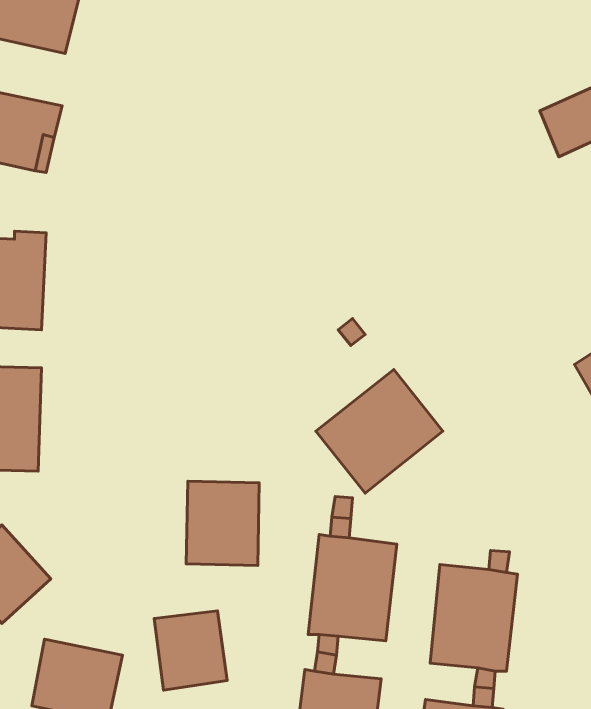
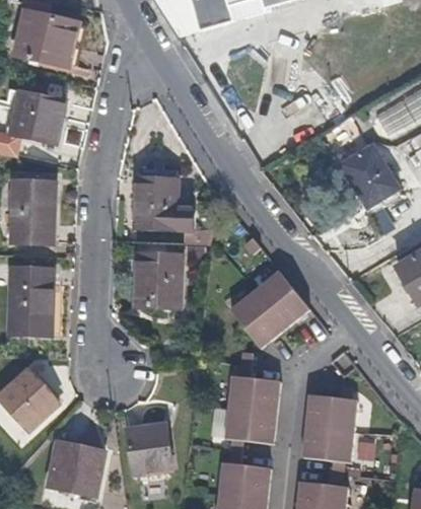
building: none -> [339,144,400,209]
building: none -> [134,177,194,237]
building: [186,481,259,565] -> [136,253,183,307]

